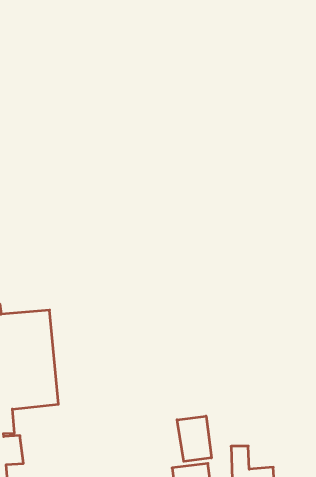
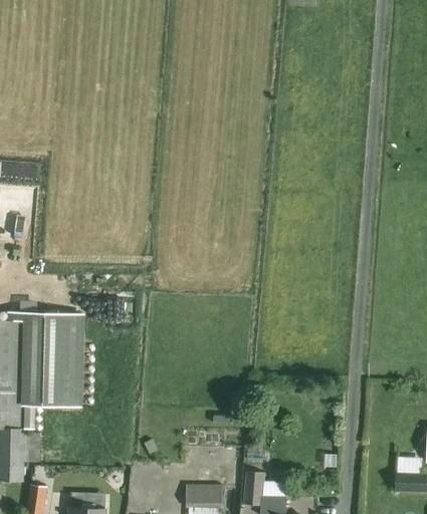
building: [177,416,211,461] -> none

